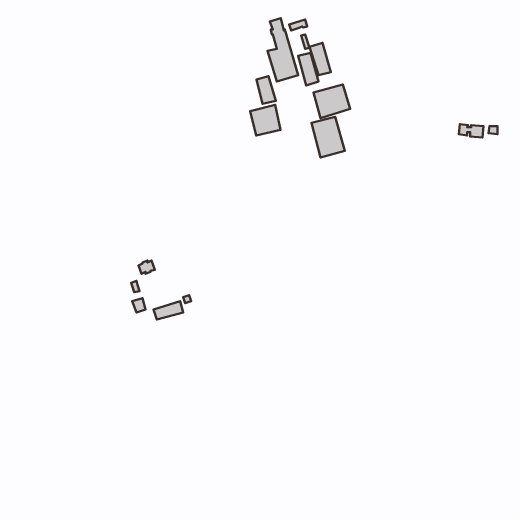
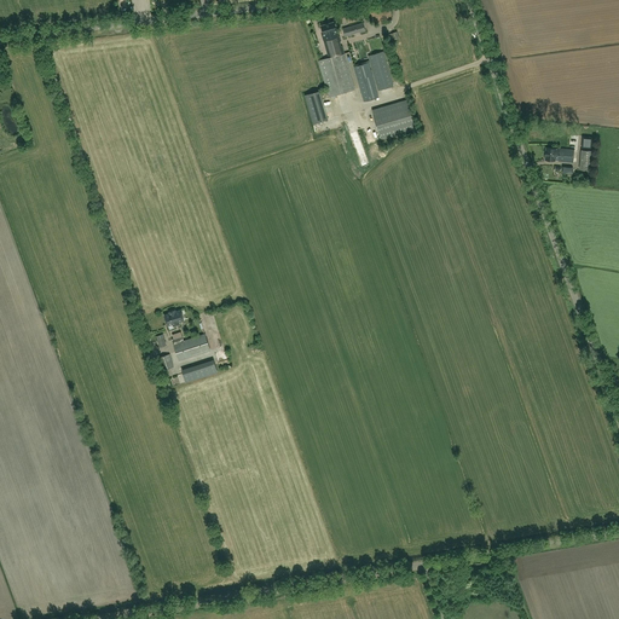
building: [250,105,280,135] -> none
building: [312,117,345,158] -> none
building: none -> [168,329,210,360]

